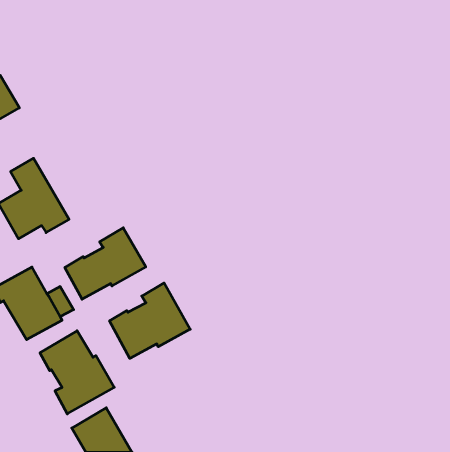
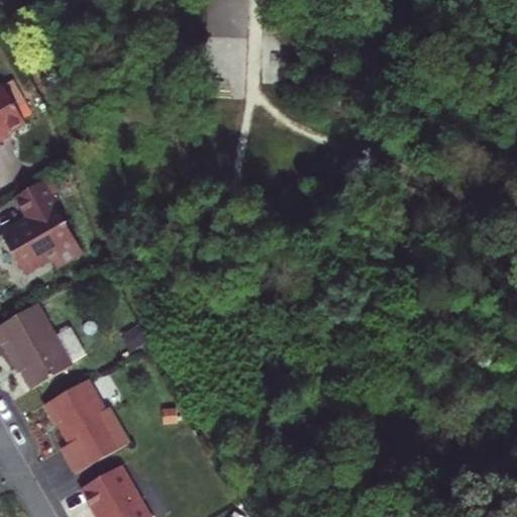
building: [65,228,146,299] -> none
building: [110,283,190,358] -> none

